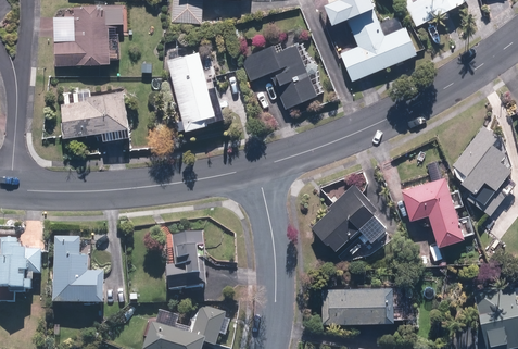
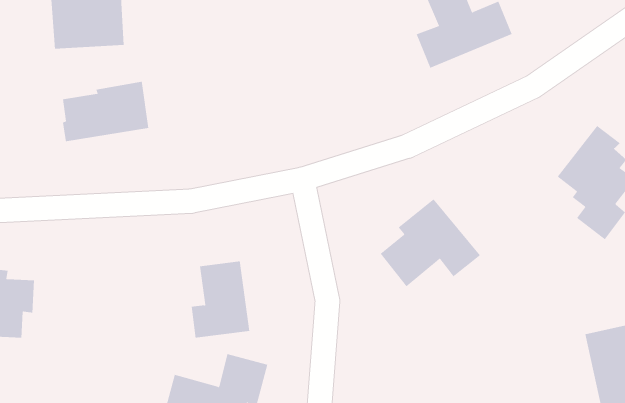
building: [241,46,316,109] -> none
building: [167,52,215,130] -> none
building: [399,176,465,247] -> none
building: [52,238,105,306] -> none
building: [317,288,394,323] -> none

